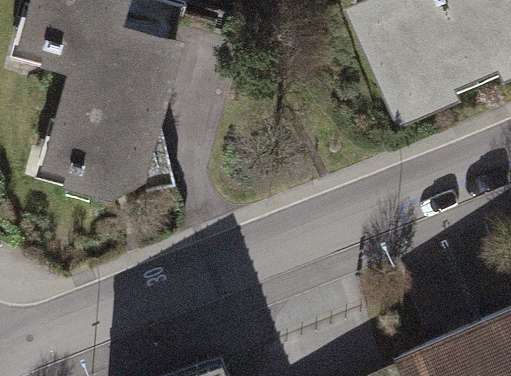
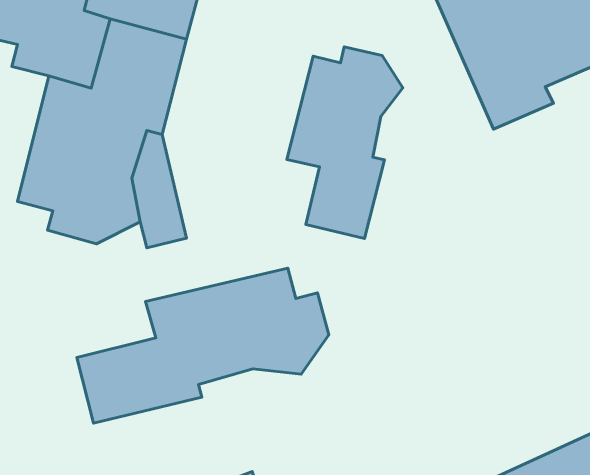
building: none -> [287,47,403,239]
building: none -> [77,268,329,423]

